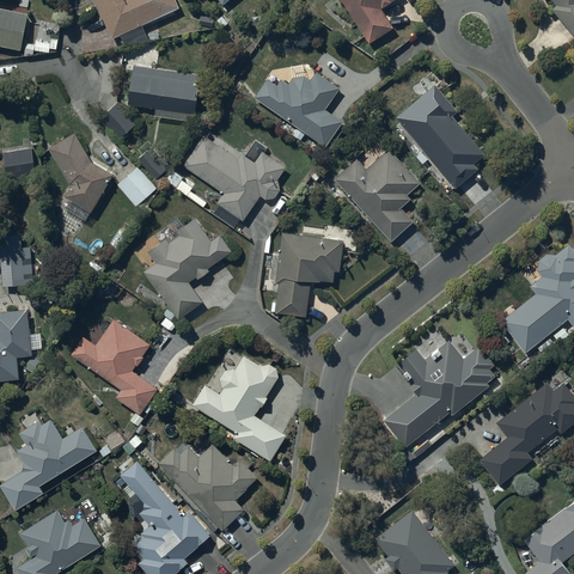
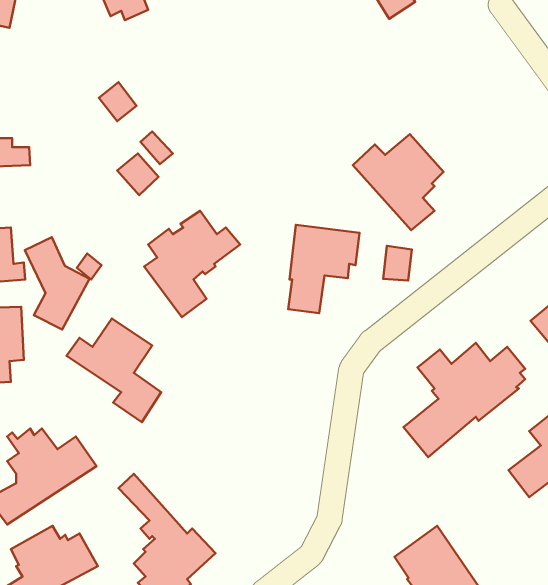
building: [129,66,200,114] -> none
building: [254,73,343,147] -> none
building: [396,86,484,185] -> none
building: [53,135,112,220] -> [25,237,90,329]
building: [184,136,286,221] -> none
building: none -> [383,246,412,280]
building: [191,355,286,460] -> none
building: [158,445,261,530] -> none

